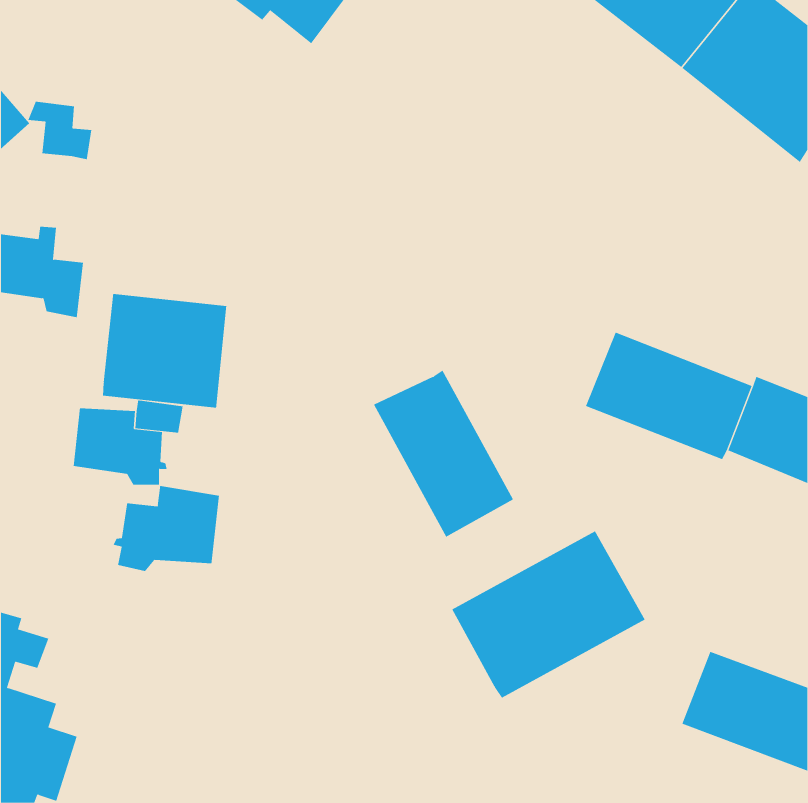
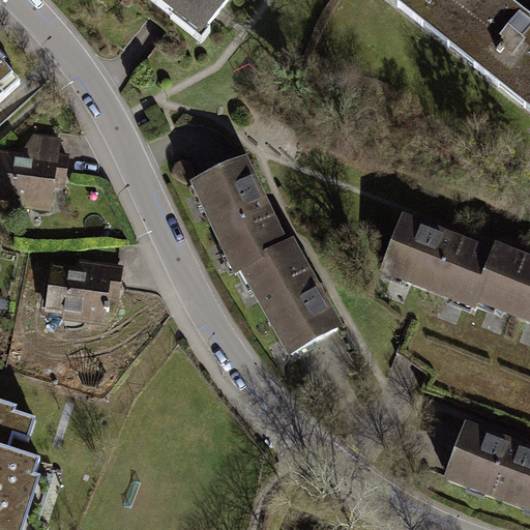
building: [27,101,92,160] -> [26,136,68,174]
building: none -> [194,159,284,270]
building: [102,293,227,408] -> none
building: [113,485,219,572] -> none
building: [452,530,645,698] -> none

